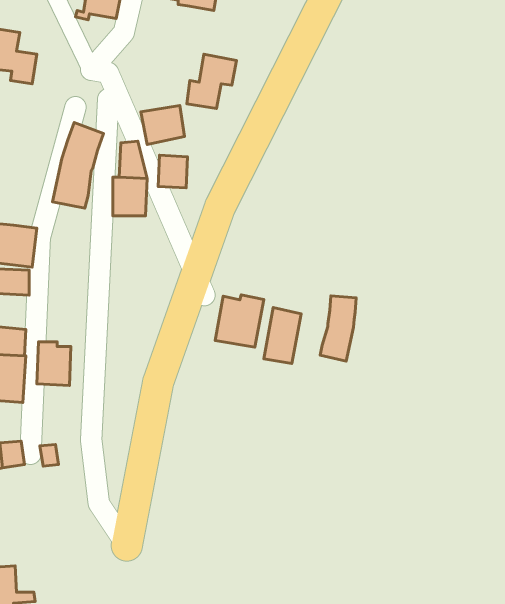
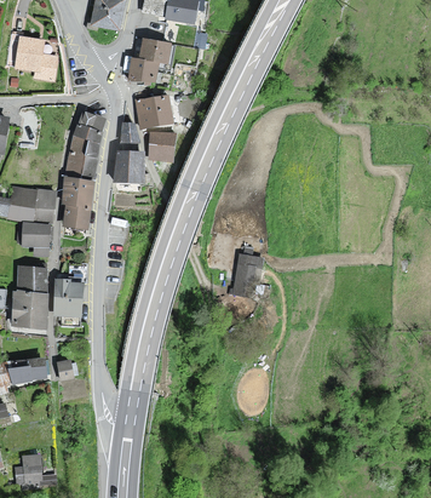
building: [187,54,237,109] -> [131,39,169,81]
building: none -> [63,179,93,228]
building: [215,295,264,347] -> none
building: [320,296,356,361] -> none

